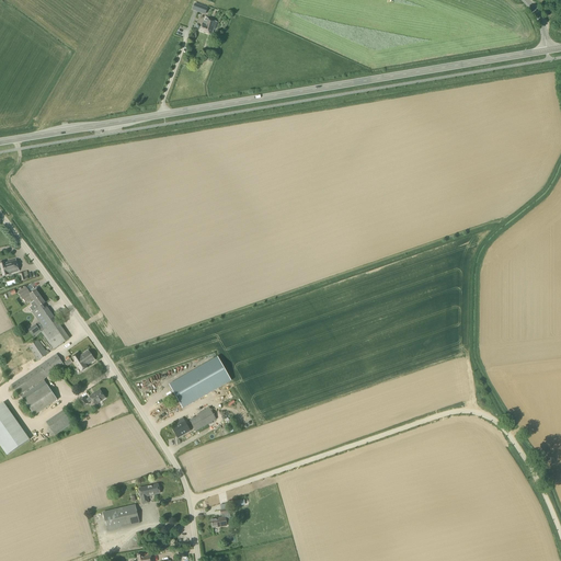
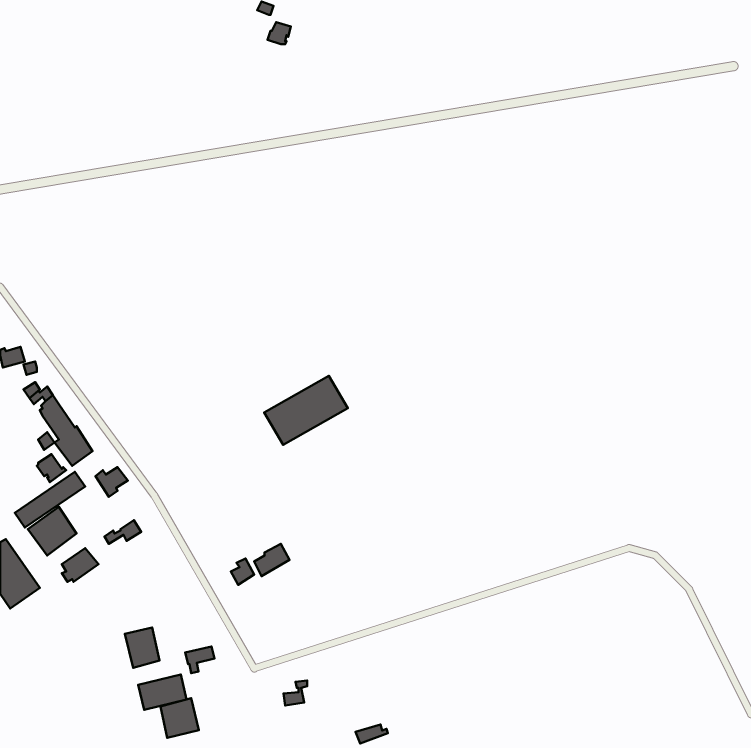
building: [169,355,231,407] -> [264,376,348,445]
building: none -> [125,627,160,668]
building: none -> [160,698,199,738]

